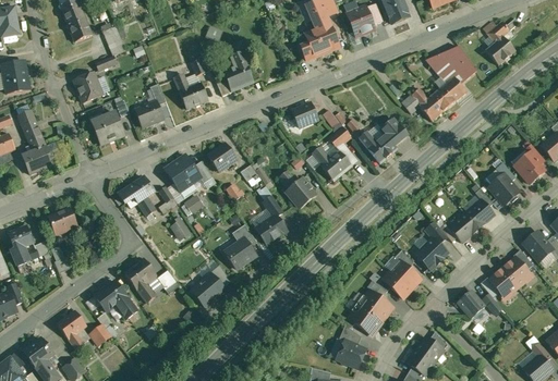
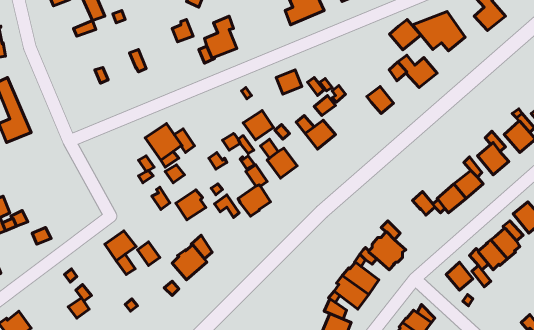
building: [74,72,101,102] -> none
building: [173,73,207,109] -> none
building: [436,76,466,106] -> [389,20,421,50]
building: [135,100,163,126] -> none
building: [90,111,124,144] -> none
building: [359,131,397,162] -> none
building: [207,143,236,171] -> [243,111,273,140]
building: [118,176,155,216] -> none
building: [48,207,77,234] -> none
building: [415,237,447,269] -> none
building: [225,238,254,268] -> [176,190,206,220]
building: [95,280,137,318] -> none
building: [57,310,86,348] -> none

